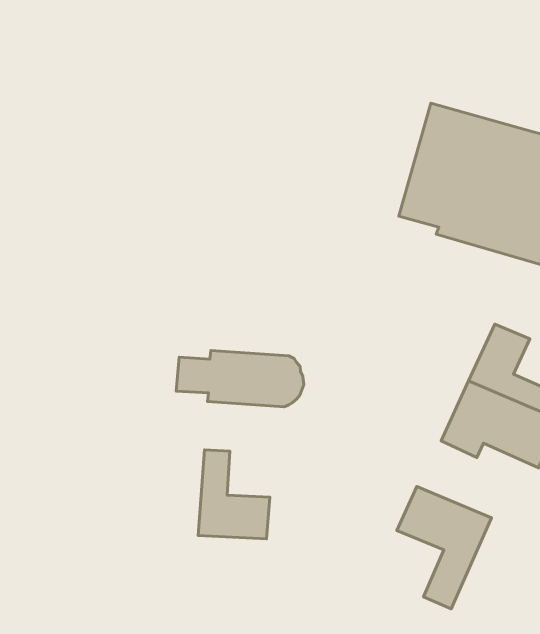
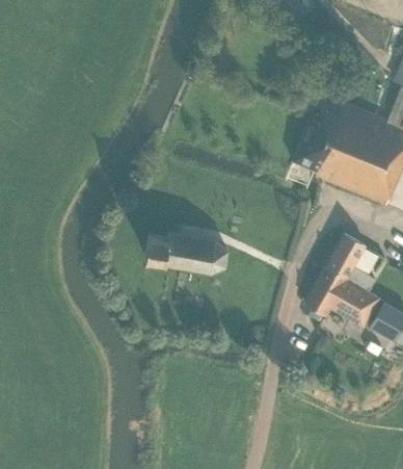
building: [198,450,270,539] -> none
building: [397,487,492,609] -> none

